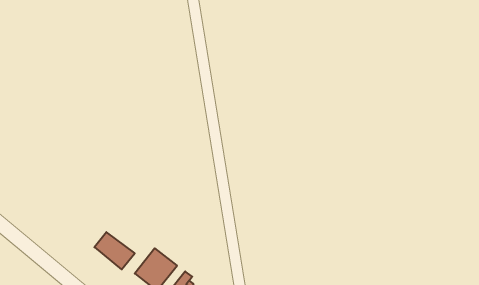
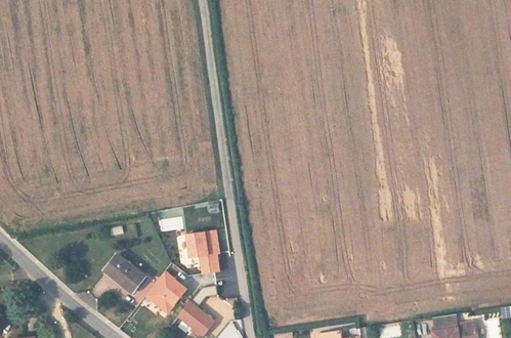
building: none -> [184,229,219,273]

